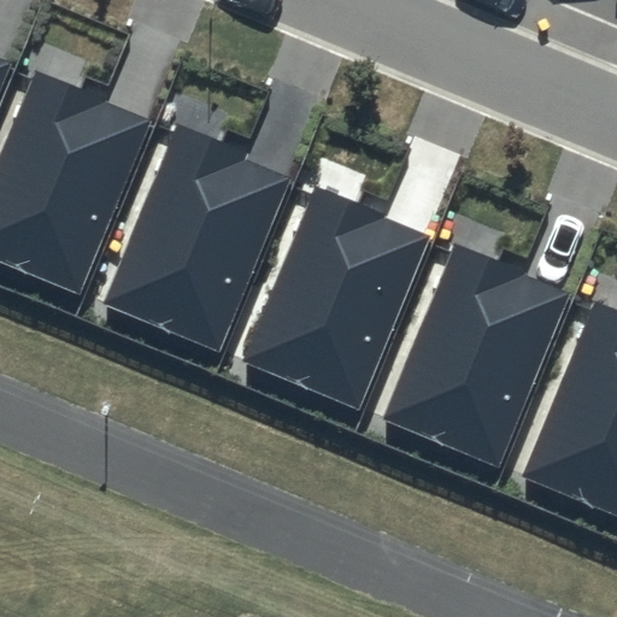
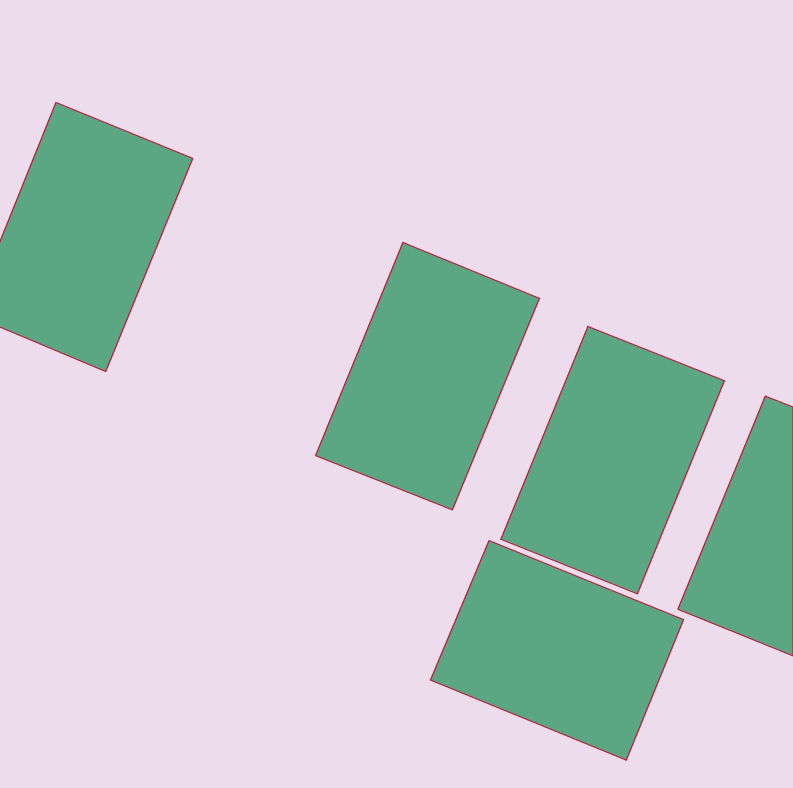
building: [114,140,288,347] -> none
building: none -> [431,541,684,760]

